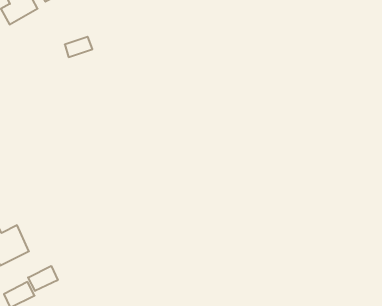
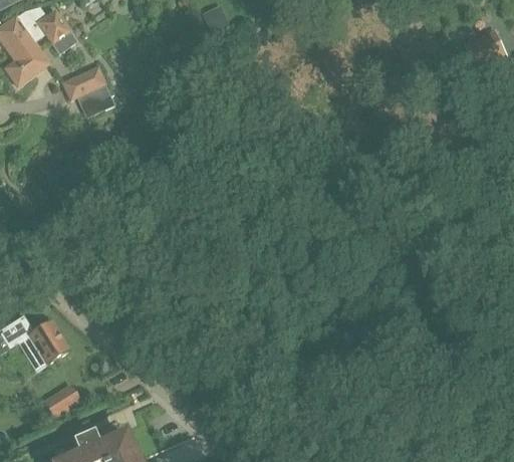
building: none -> [60,64,106,99]
building: [28,266,58,291] -> none

